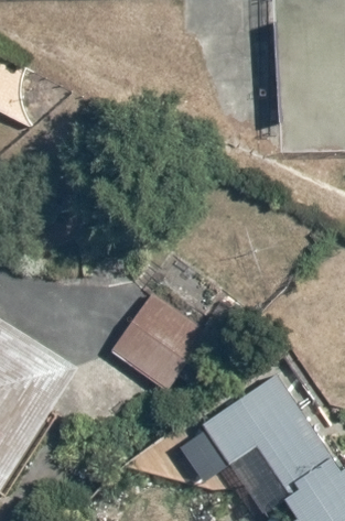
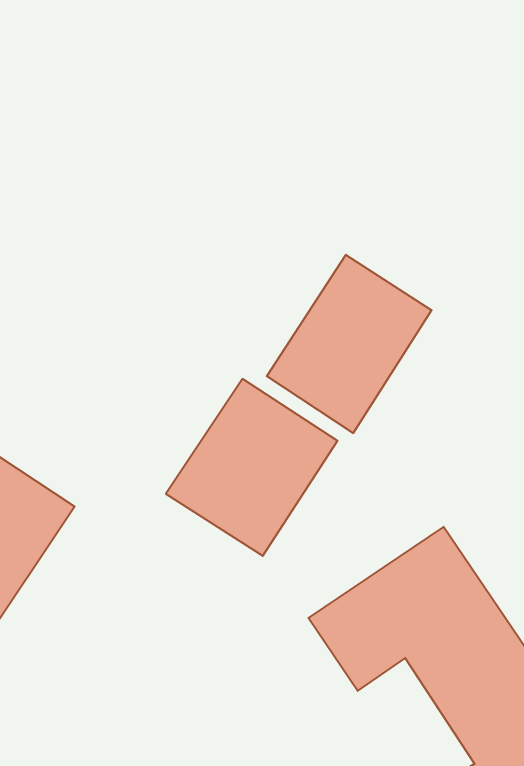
building: none -> [267,255,432,433]

